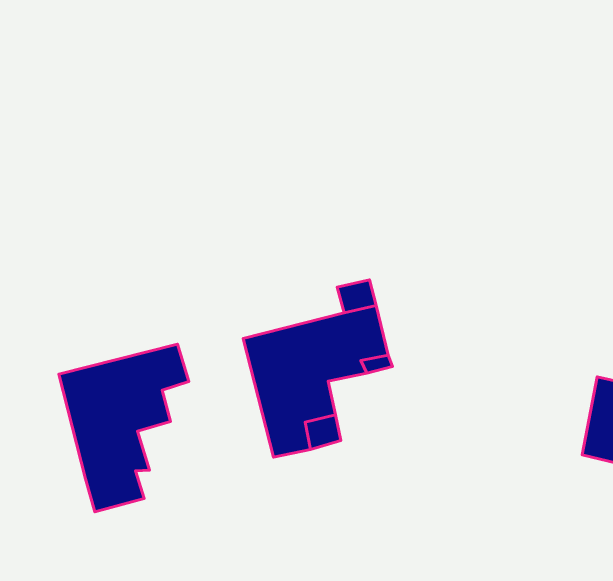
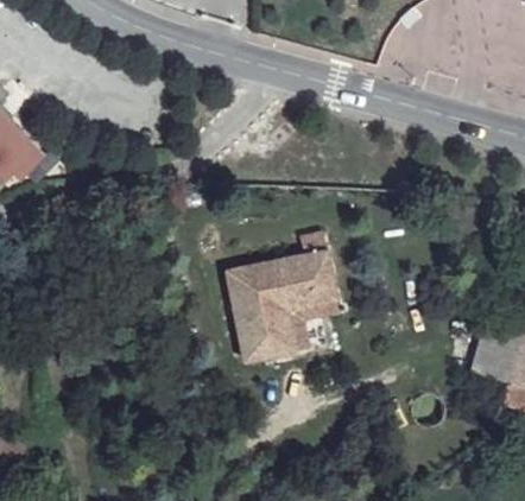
building: [59,344,189,512] -> none

